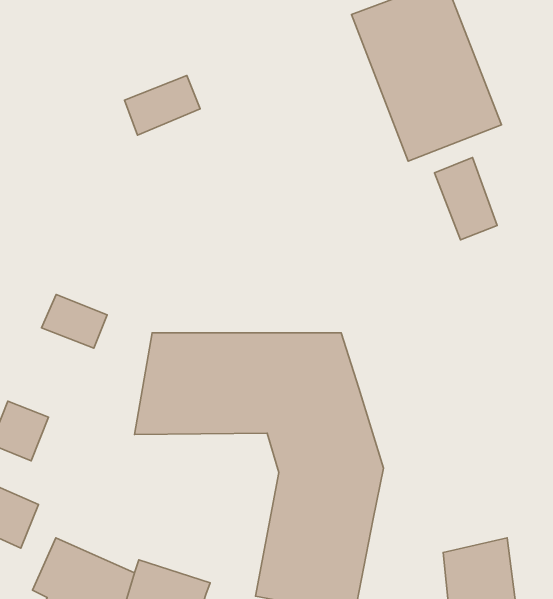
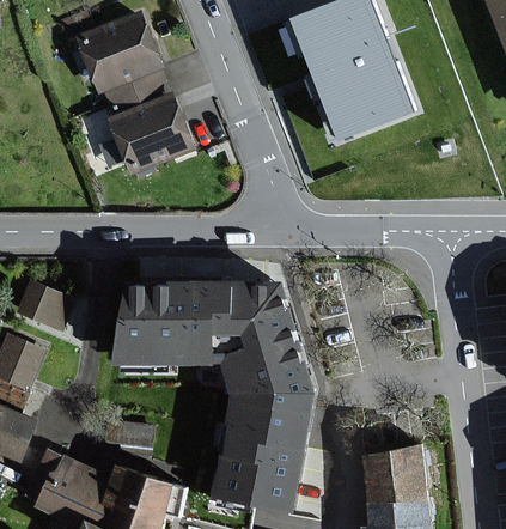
building: none -> [78,14,160,91]
building: none -> [109,96,190,171]
building: [434,157,497,240] -> none
building: [42,294,107,348] -> [18,284,72,328]

